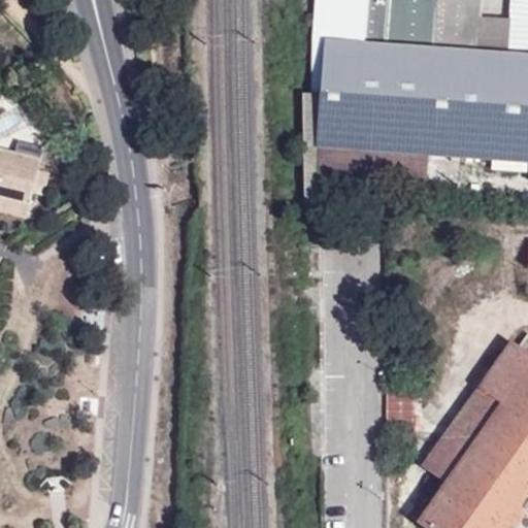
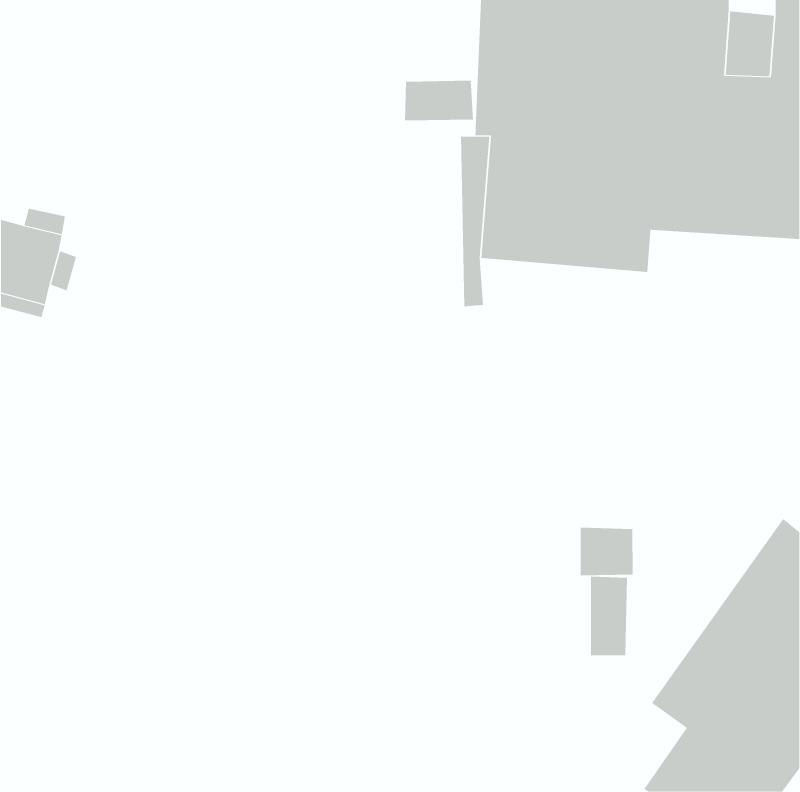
building: none -> [404,80,473,121]
building: none -> [580,527,633,576]

